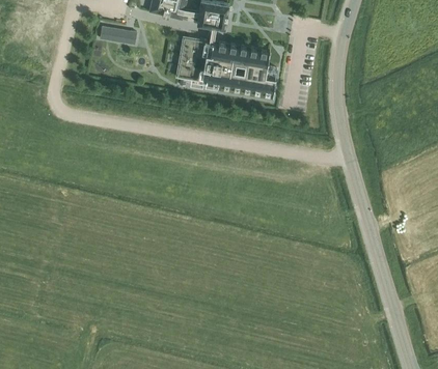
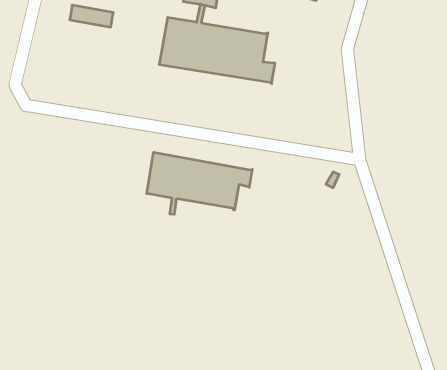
building: none -> [147,152,252,214]

